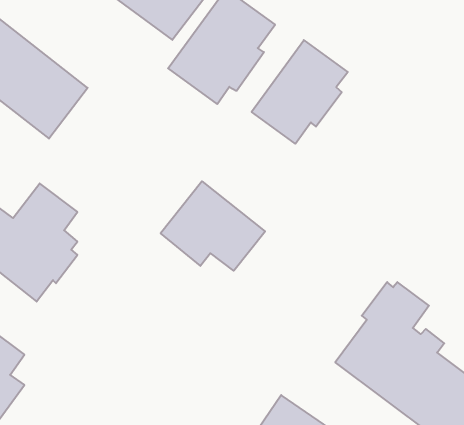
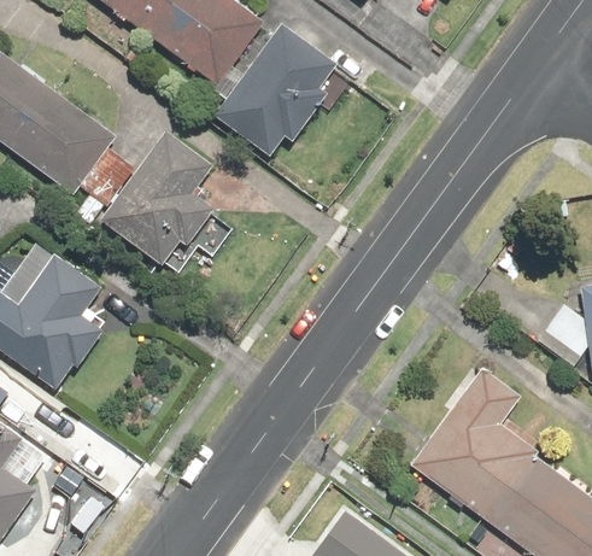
building: [252,40,348,144] -> none
building: none -> [100,131,215,267]
building: [161,181,265,271] -> none

